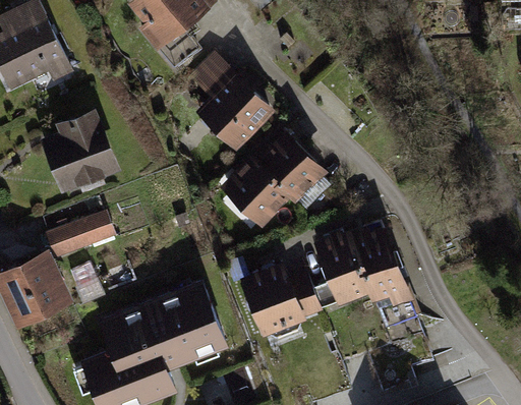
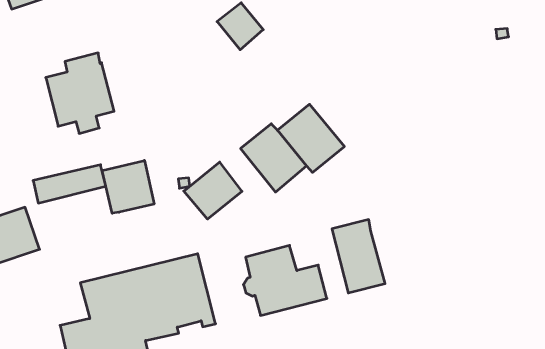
building: [205,78,270,143] -> none
building: none -> [184,162,242,219]
building: none -> [102,160,154,213]
building: [353,233,410,305] -> none

